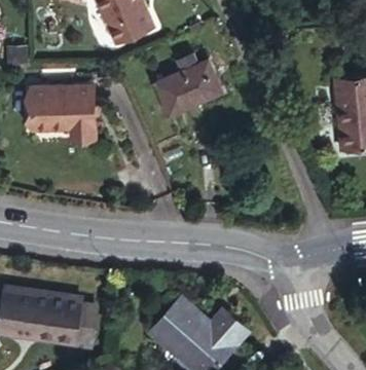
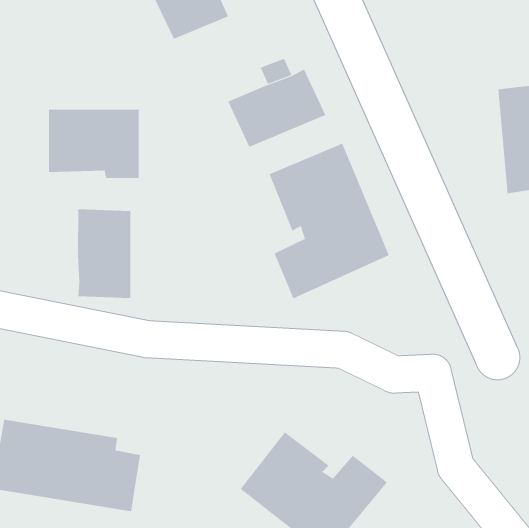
building: none -> [269,143,390,299]
building: none -> [78,208,131,299]

